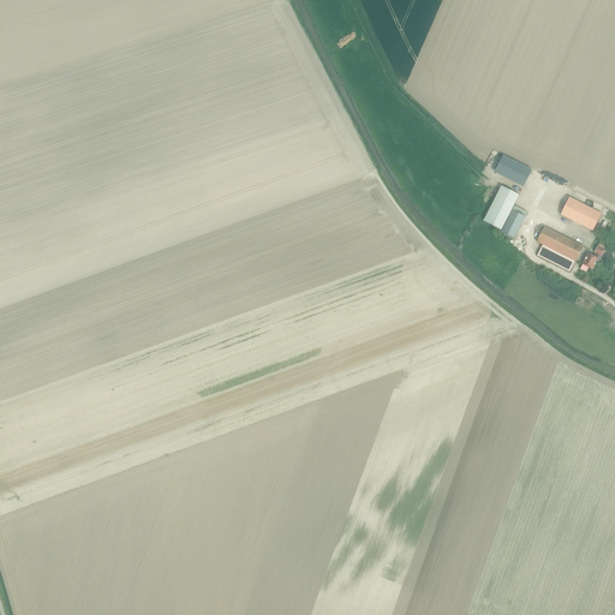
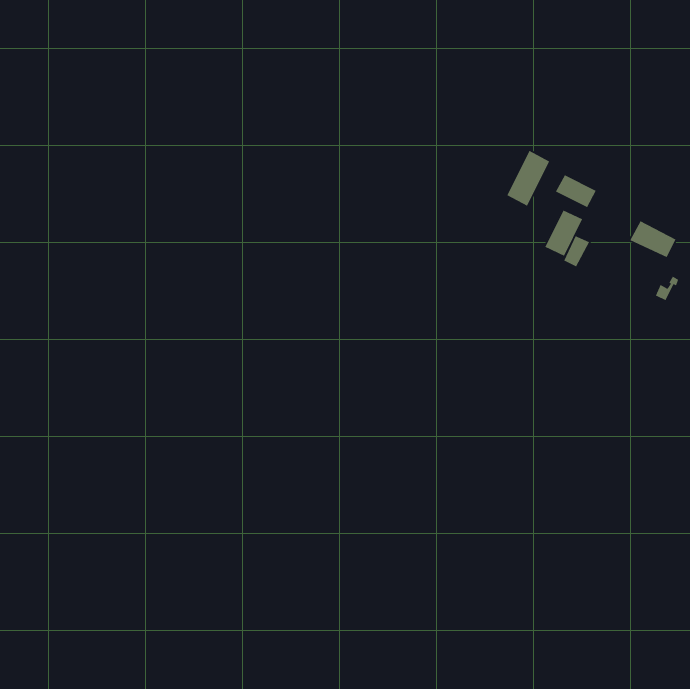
building: none -> [506,150,550,207]
building: [537,226,584,271] -> none

